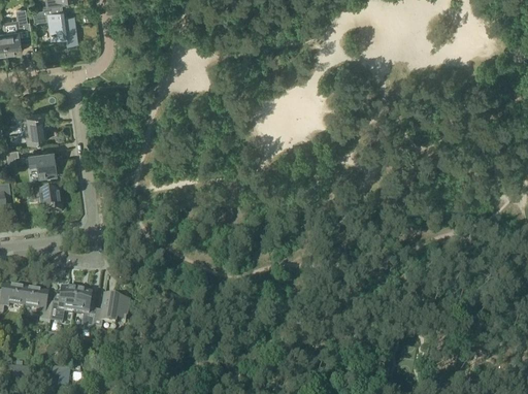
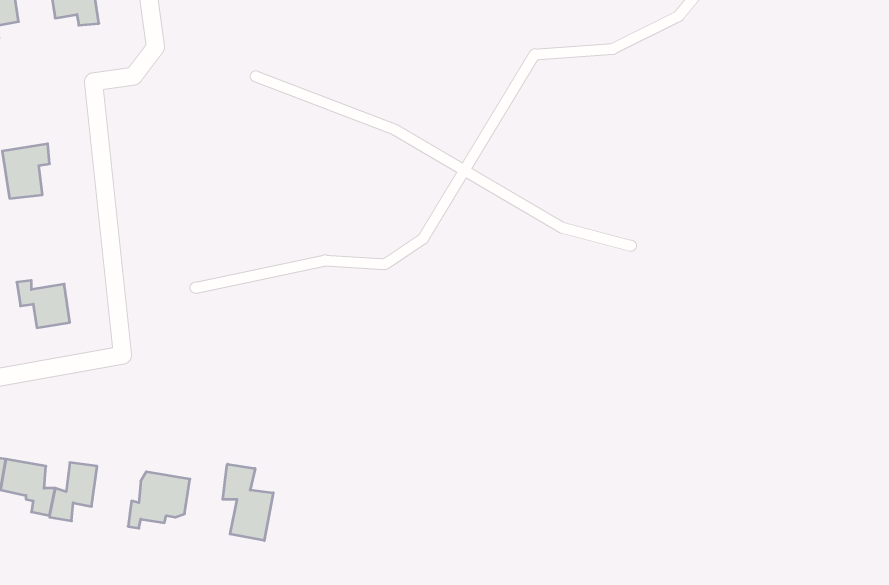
building: [26,146,59,176] -> none
building: none -> [223,464,273,541]
building: [72,291,95,327] -> none

